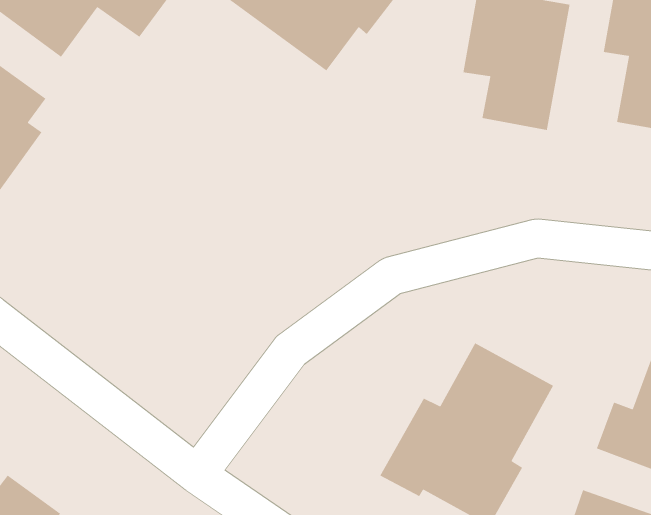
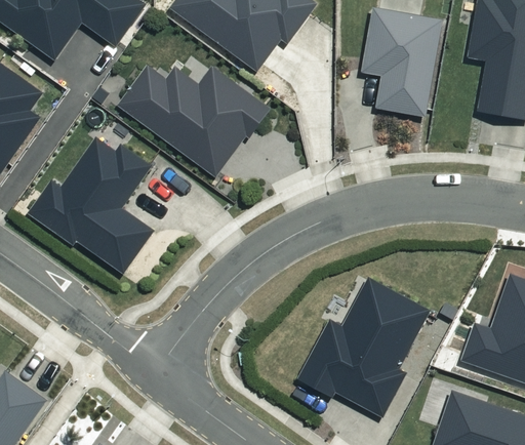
building: none -> [116,64,269,176]
building: none -> [27,136,154,273]

